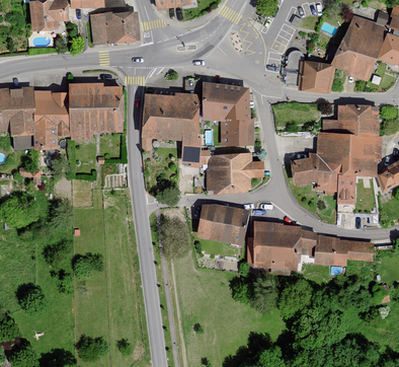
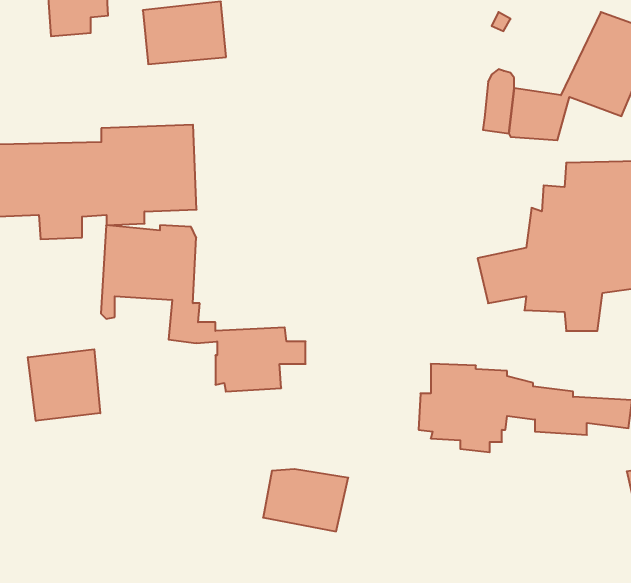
building: [206,83,253,143] -> none
building: [144,94,263,192] -> [101,225,306,392]
building: [200,206,249,242] -> [263,469,348,531]
building: none -> [28,349,100,421]

